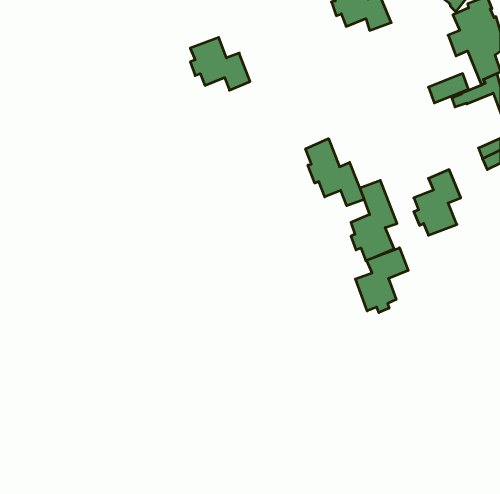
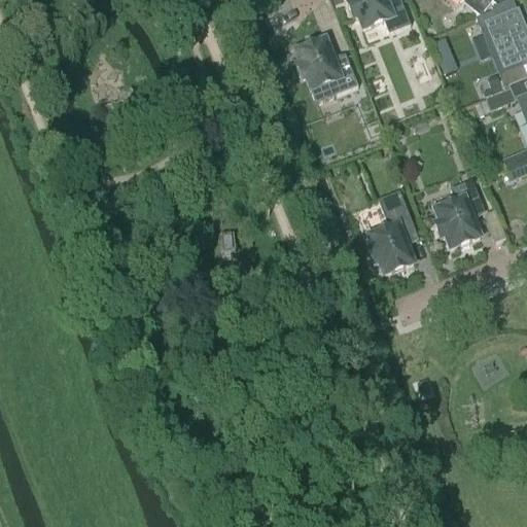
building: [190,37,250,90] -> [296,38,359,94]
building: [306,139,364,206] -> none
building: [355,248,408,313] -> none

